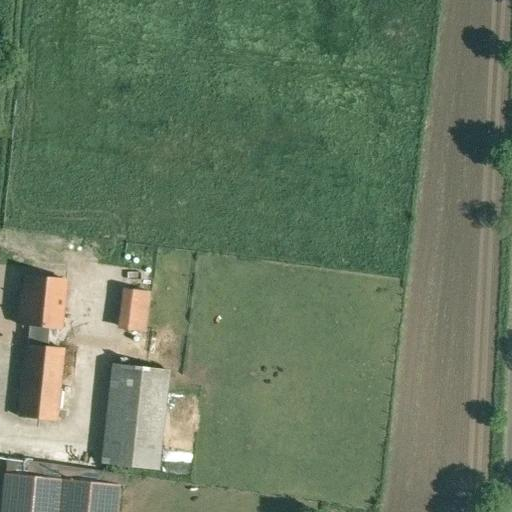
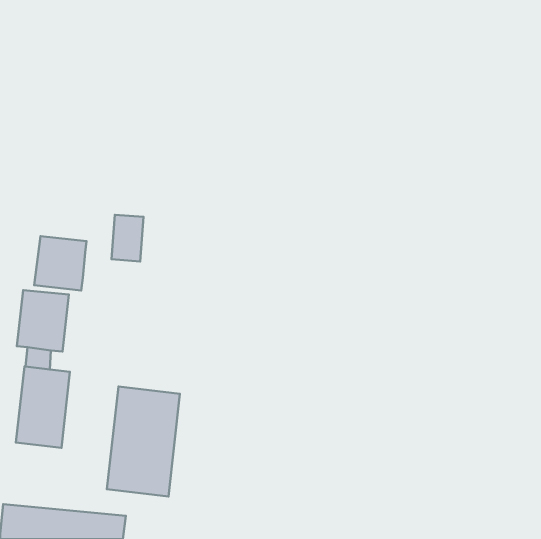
building: none -> [34,236,86,290]
building: [122,284,152,328] -> [112,215,143,261]

